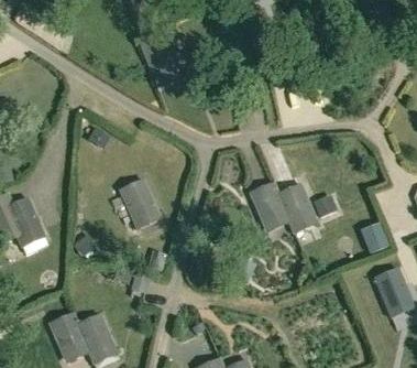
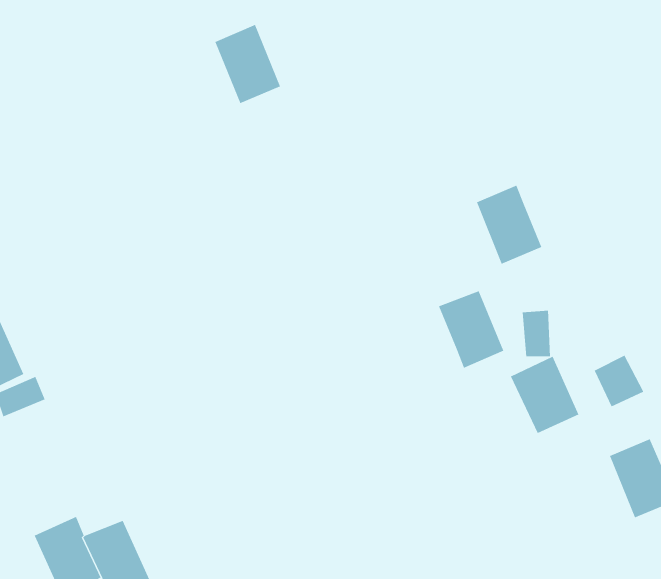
building: [119,180,158,225] -> none
building: [250,183,287,228] -> [476,185,542,265]
building: none -> [510,356,579,434]

